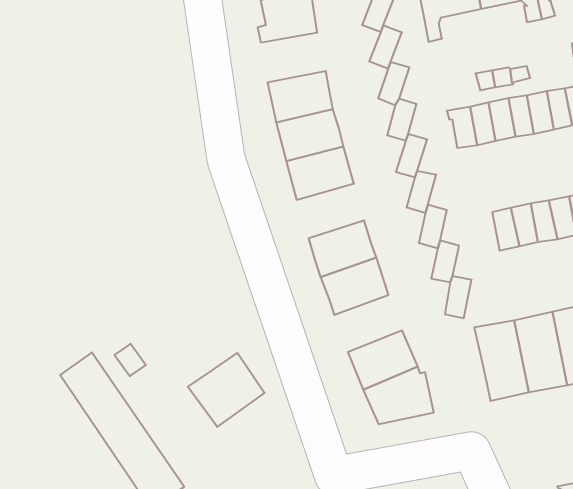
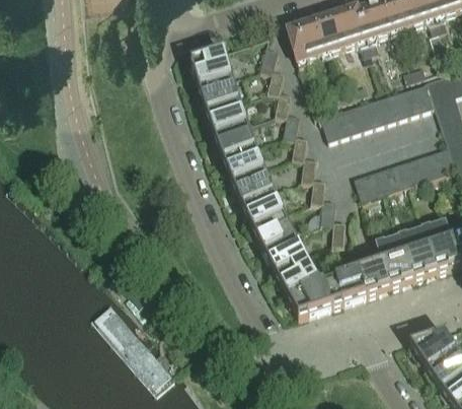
building: none -> [199,78,241,113]
building: none -> [232,169,276,207]
building: none -> [263,236,307,275]
building: [188,353,265,427] -> none
building: none -> [324,271,367,306]

